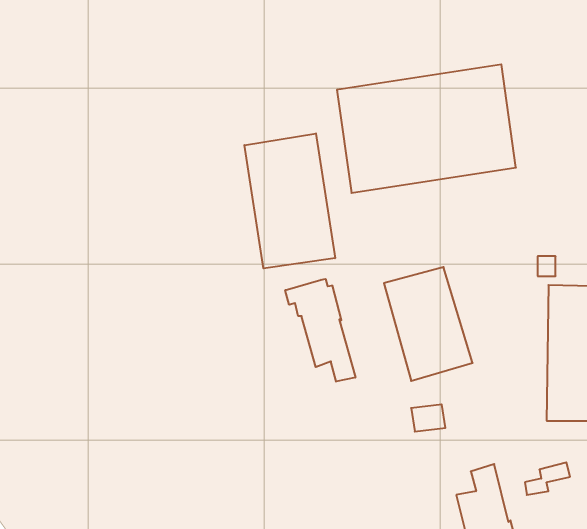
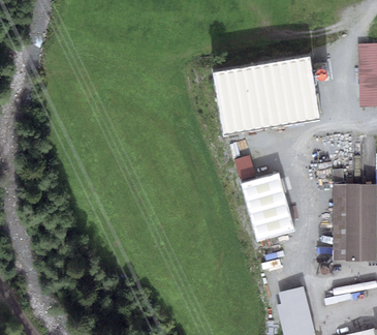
building: [244,133,335,268] -> none
building: [285,279,355,382] -> none

